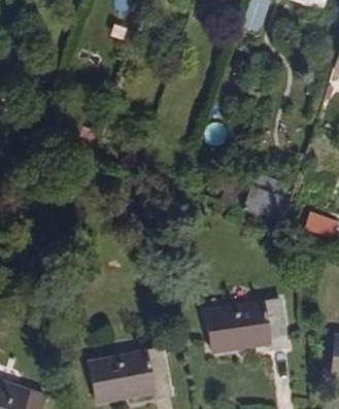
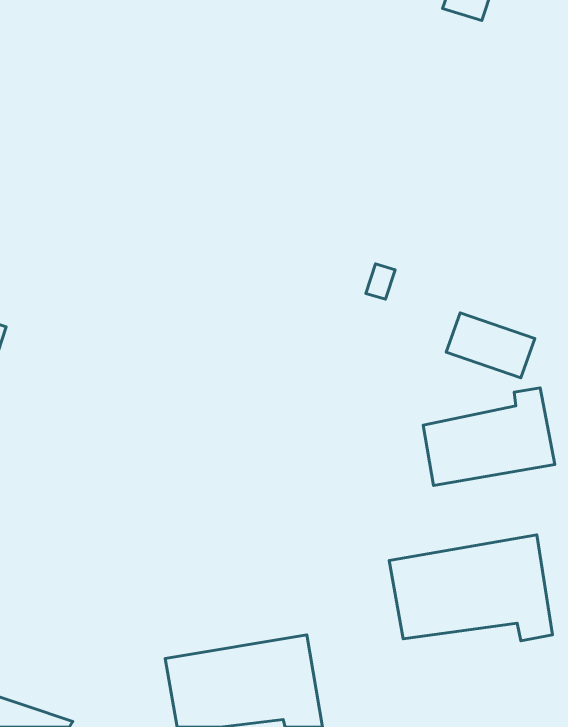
building: none -> [423,388,555,485]

